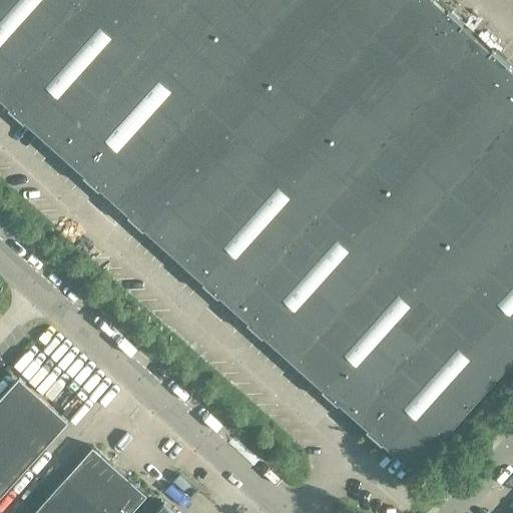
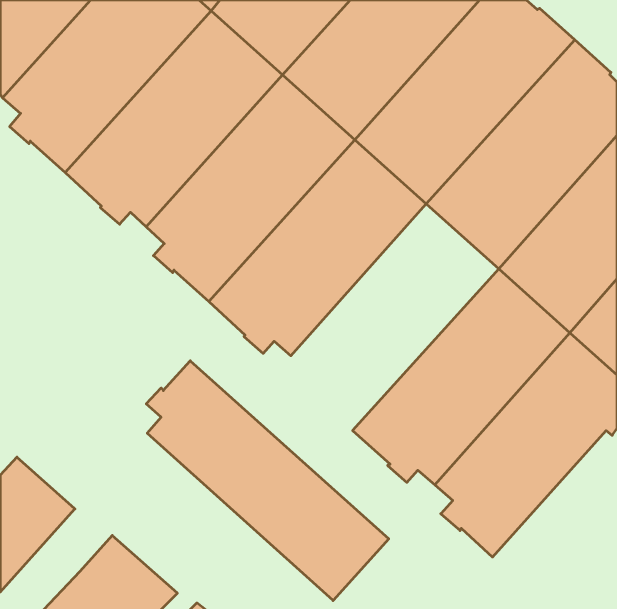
building: [241,175,414,364] -> none
building: none -> [146,361,389,601]

